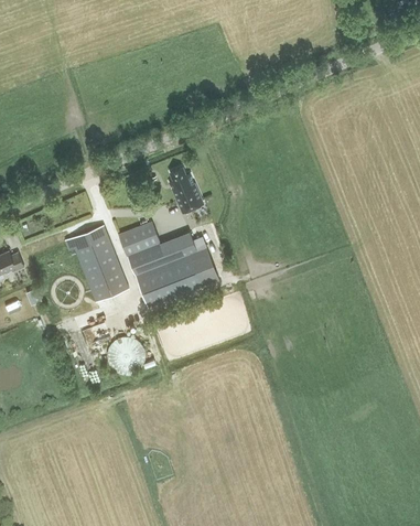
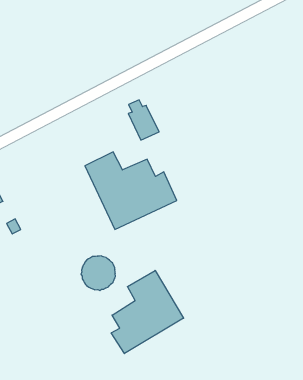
building: [65,225,129,301] -> none
building: none -> [111,270,184,354]

